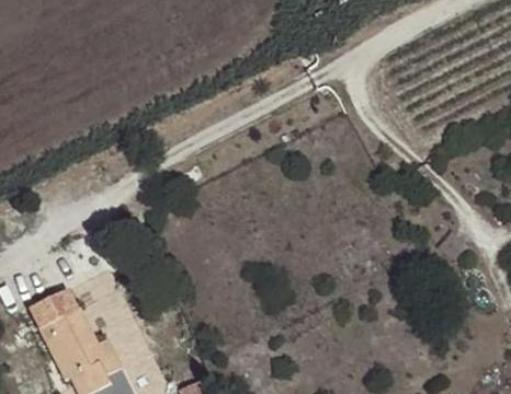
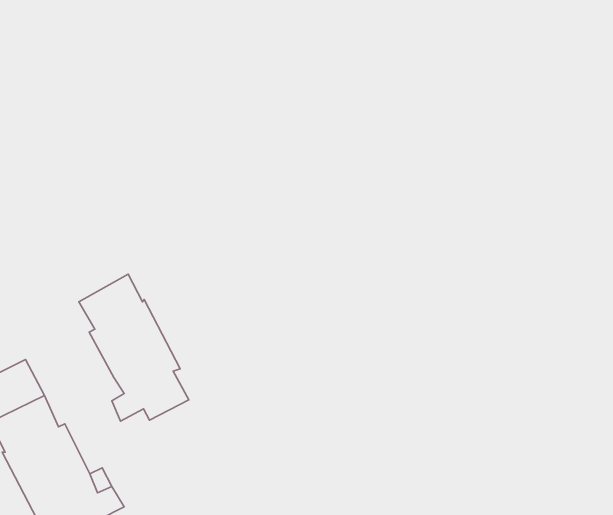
building: none -> [79,274,189,421]

